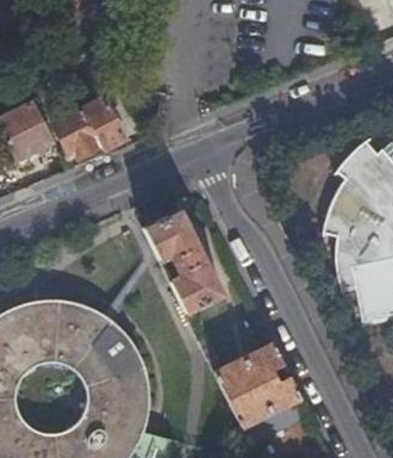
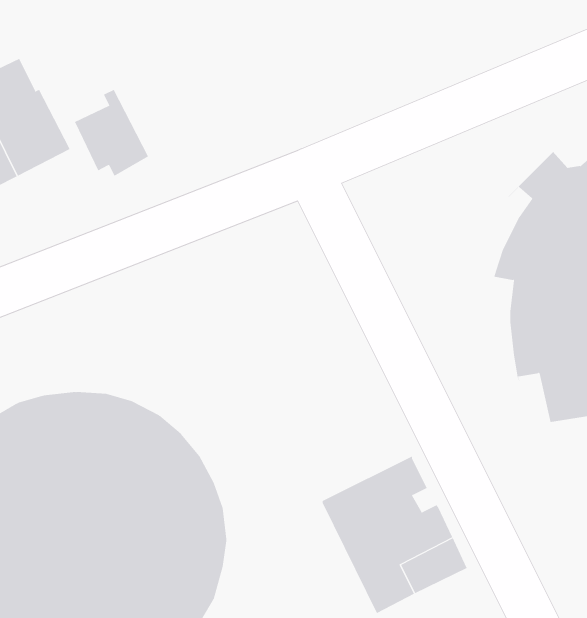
building: [76,88,125,151] -> none
building: [143,210,224,315] -> none

